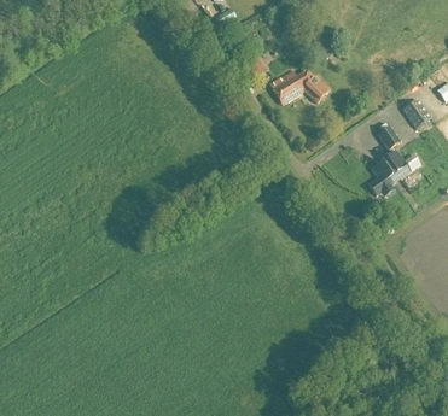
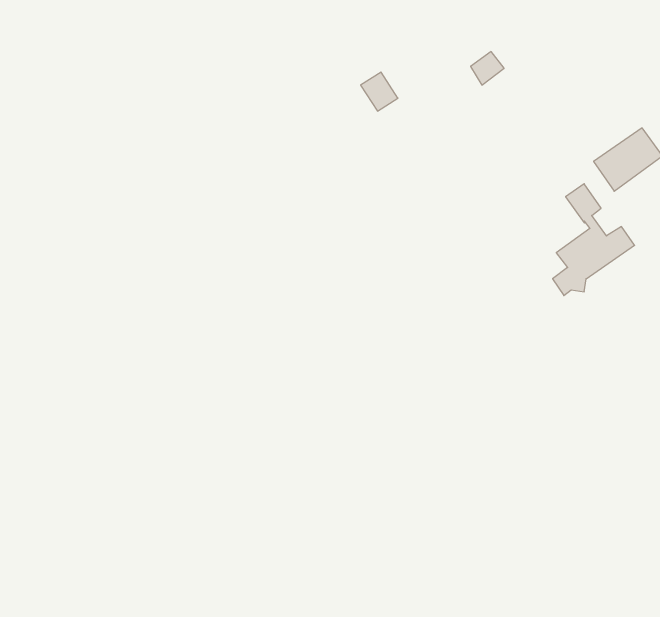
building: [268,69,328,104] -> none

